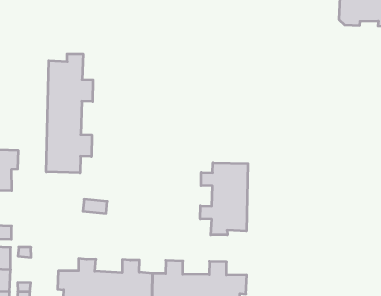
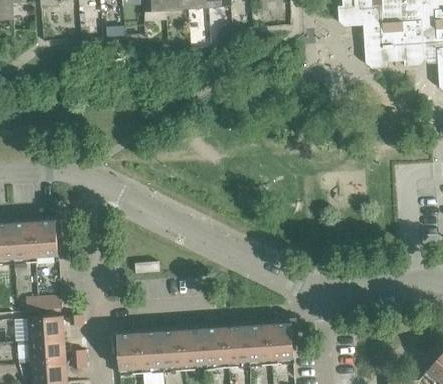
building: [46,54,93,173] -> none
building: [200,163,248,235] -> none

